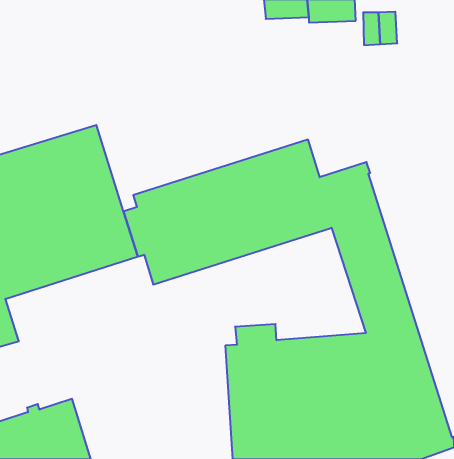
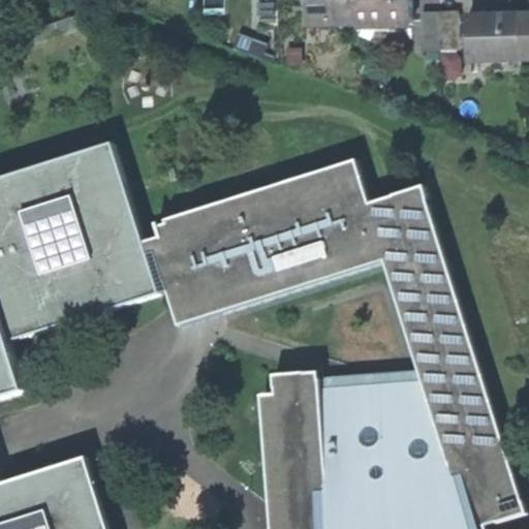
building: none -> [463,17,517,58]

